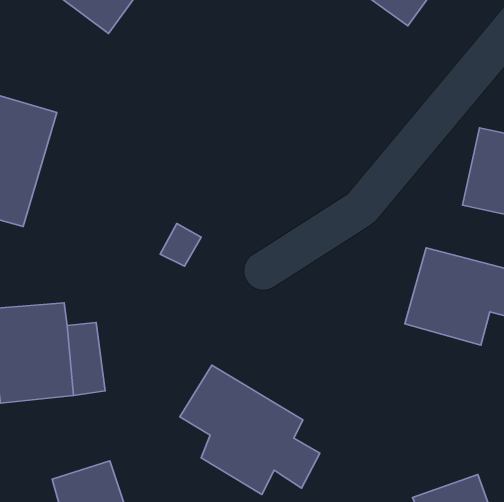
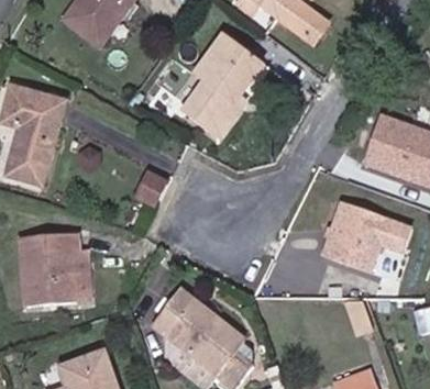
building: none -> [179,36,257,147]

